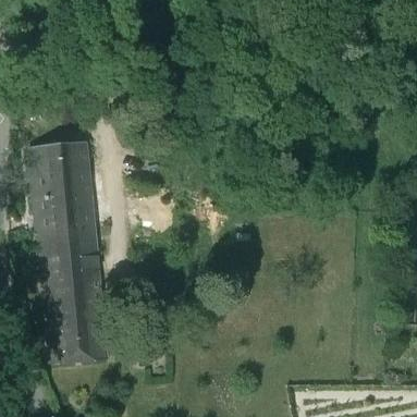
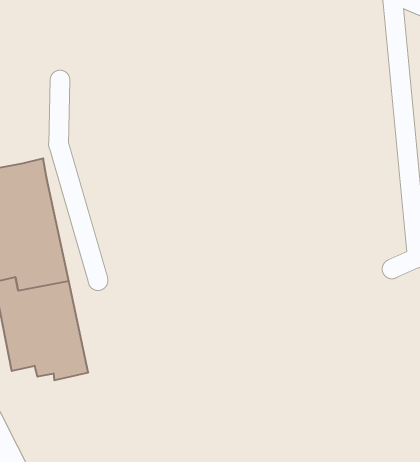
building: [44,304,108,364] -> none

